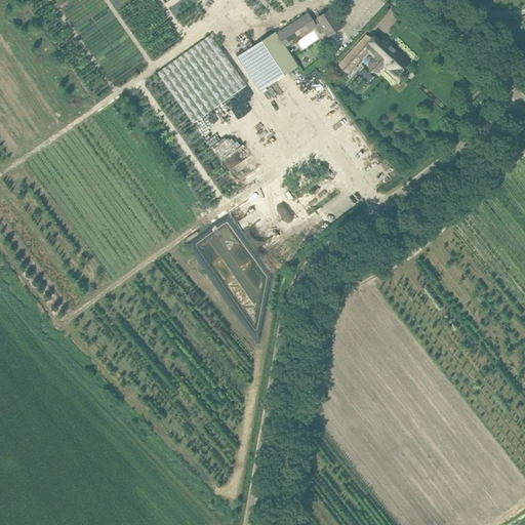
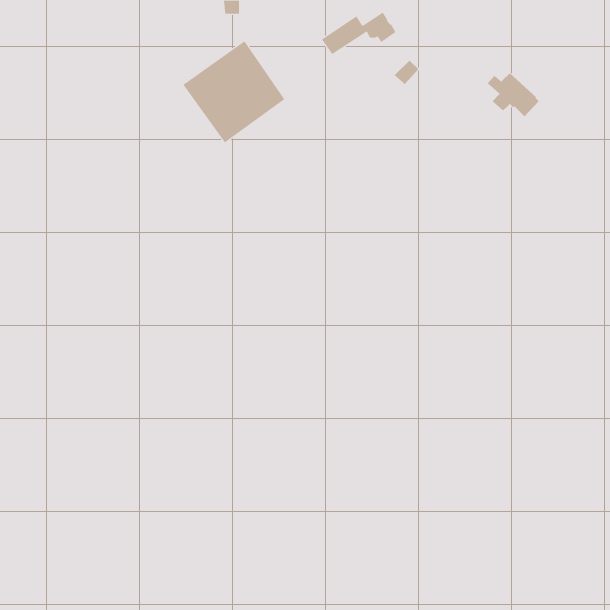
building: [237,32,297,91] -> none
building: [364,38,409,77] -> [487,72,540,118]

